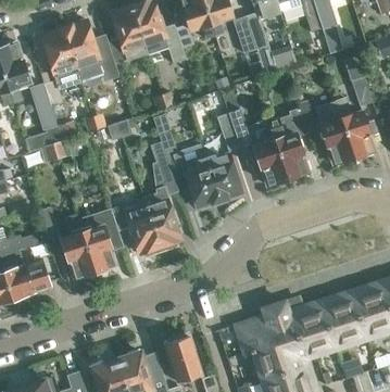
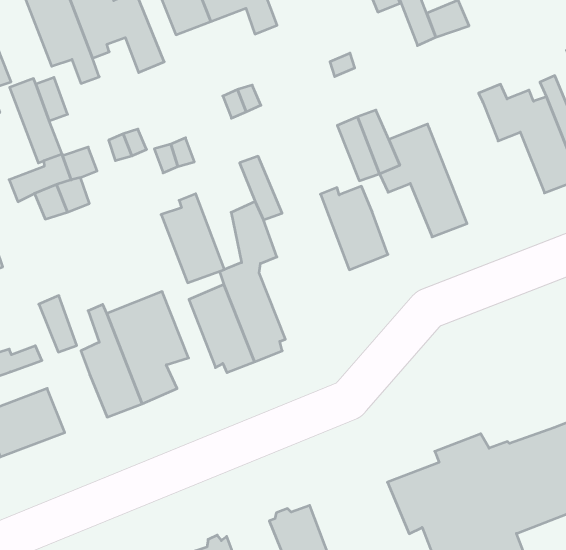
building: [271,109,310,178] -> none
building: [185,156,219,207] -> [161,194,224,283]

